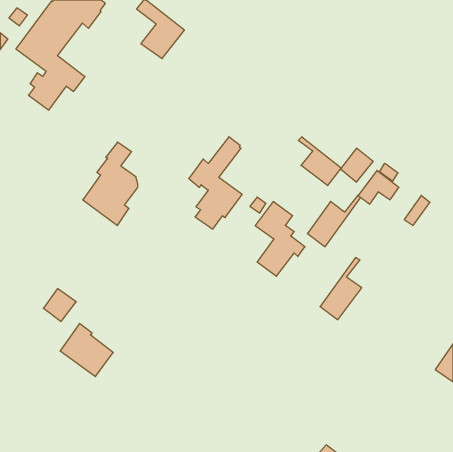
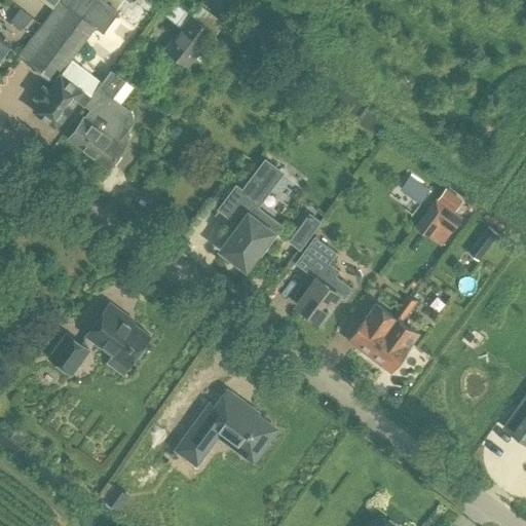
building: [298,137,341,186] -> none
building: [83,142,138,226] -> [70,72,134,168]
building: [307,195,361,247] -> [350,297,412,356]
building: [60,323,113,377] -> [87,304,149,366]
building: none -> [175,390,276,466]

